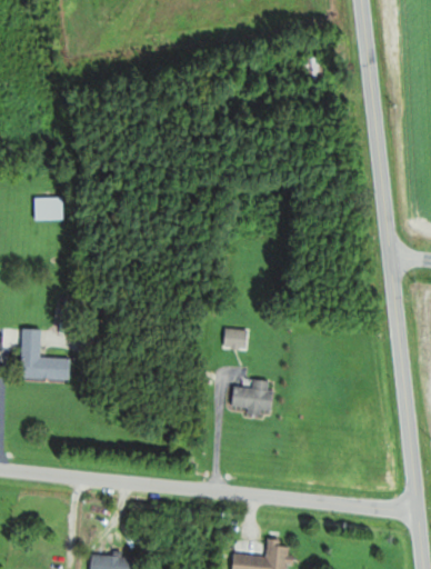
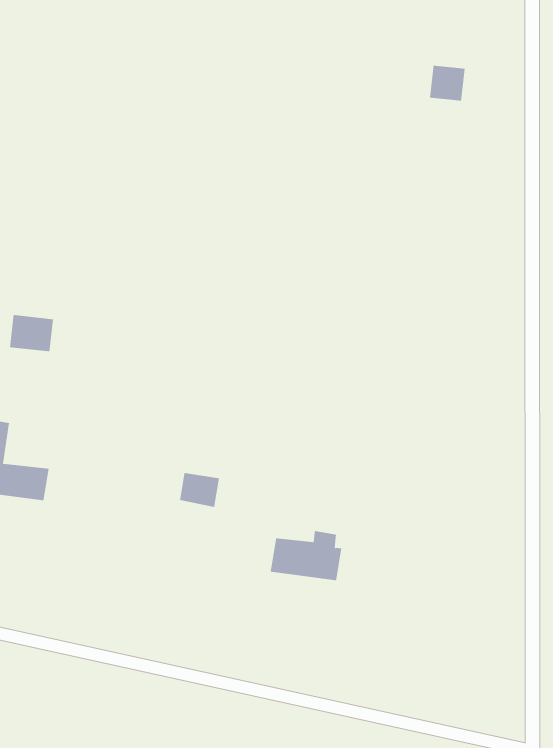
building: [34,199,62,221] -> [9,315,54,352]
building: [222,329,248,350] -> [179,473,220,507]

